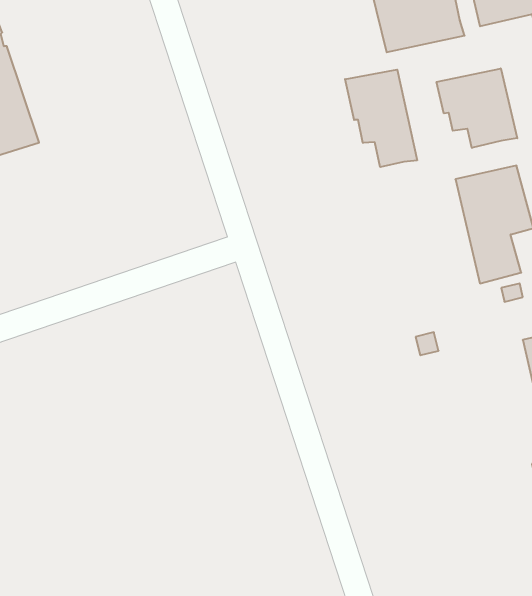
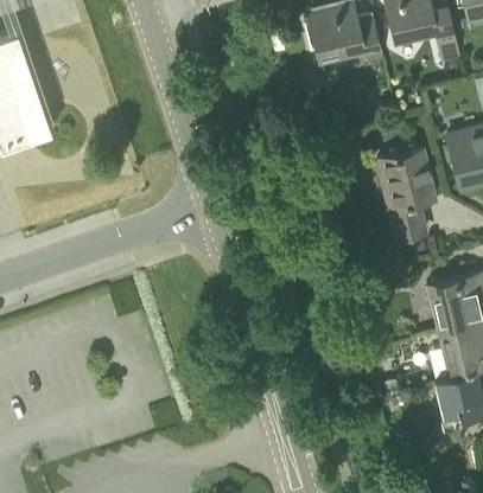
building: [437,68,517,148] -> none
building: [345,70,417,167] -> none

